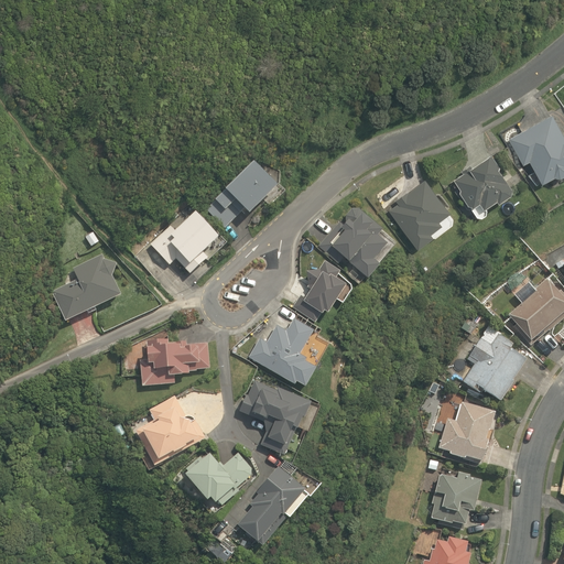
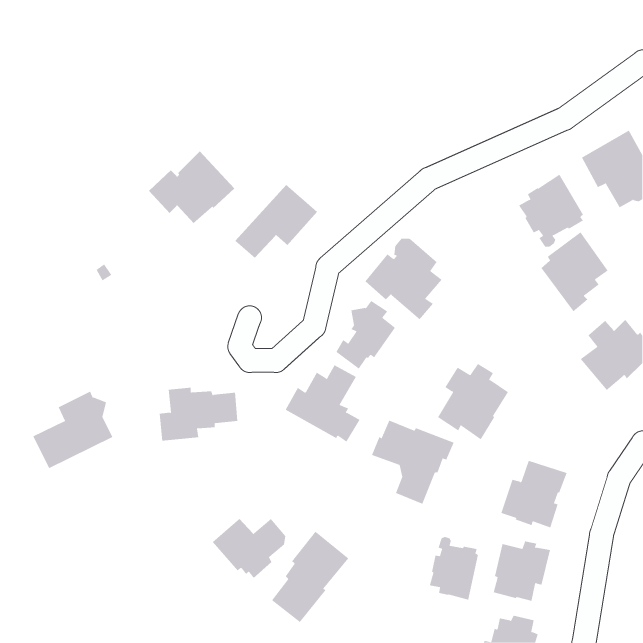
building: [389,177,448,248] -> [540,231,608,312]
building: [150,209,226,273] -> [148,151,235,224]
building: [51,253,121,322] -> [33,391,113,469]
building: [463,335,525,402] -> [437,363,509,440]
building: [238,380,311,454] -> [371,420,454,504]
building: [134,395,205,466] -> none
building: none -> [429,536,479,600]

